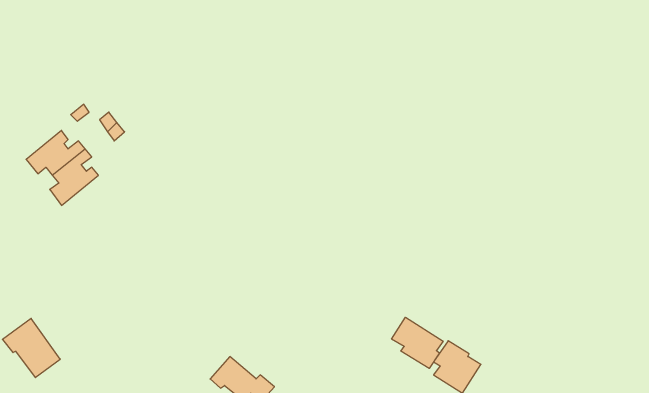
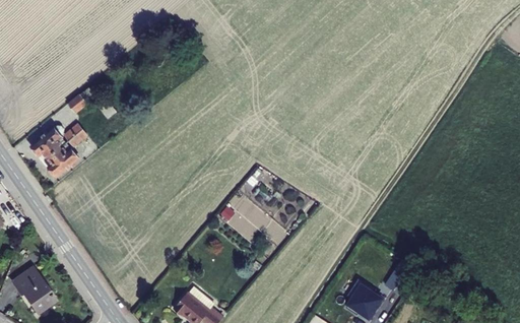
building: [392,317,443,368] -> none

